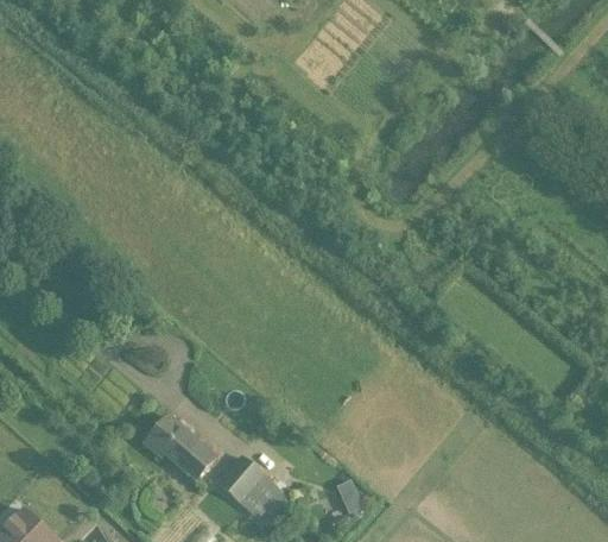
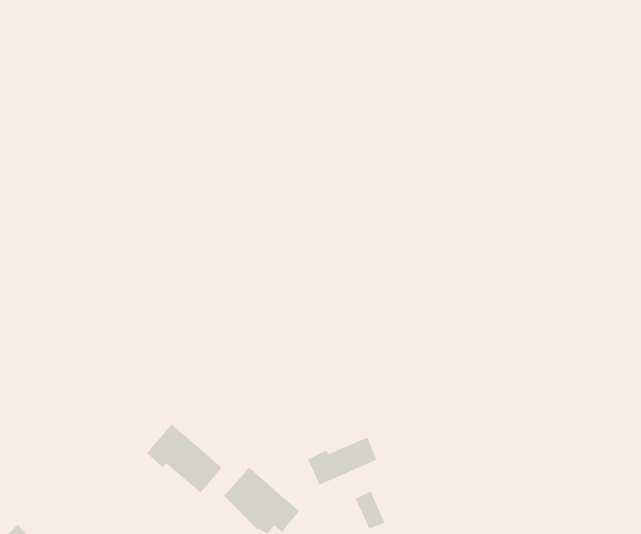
building: none -> [307,437,377,486]

